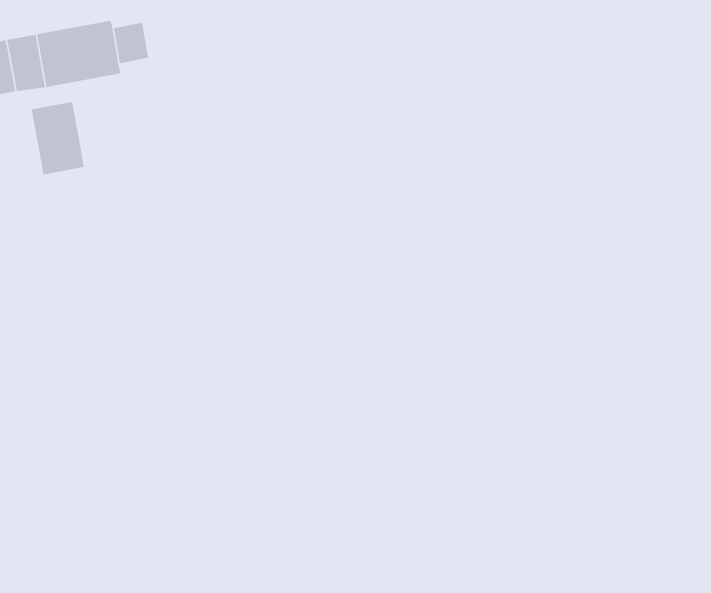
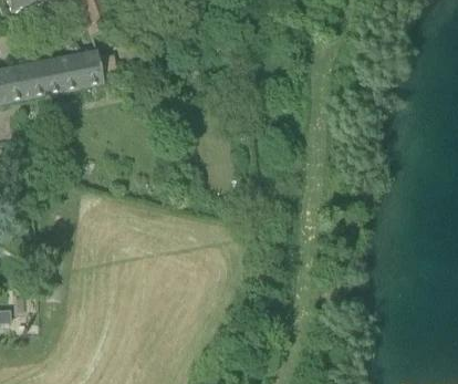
building: [31,101,85,175] -> none

